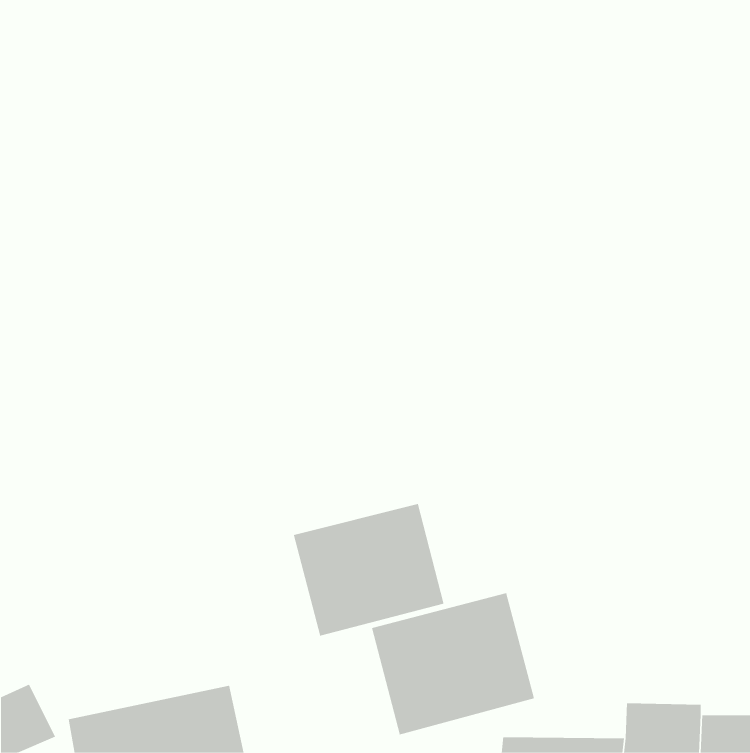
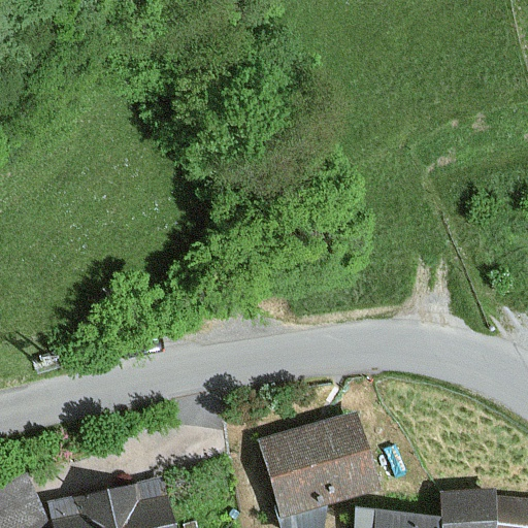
building: [293,503,444,637] -> none

